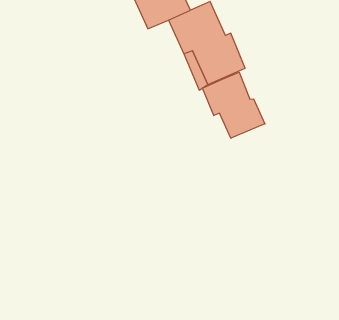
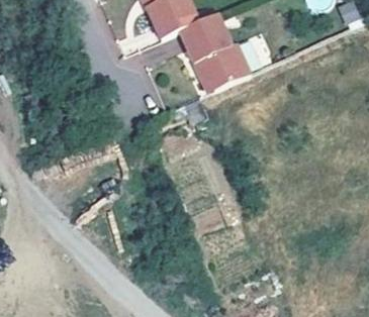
building: [202,72,265,138] -> none

